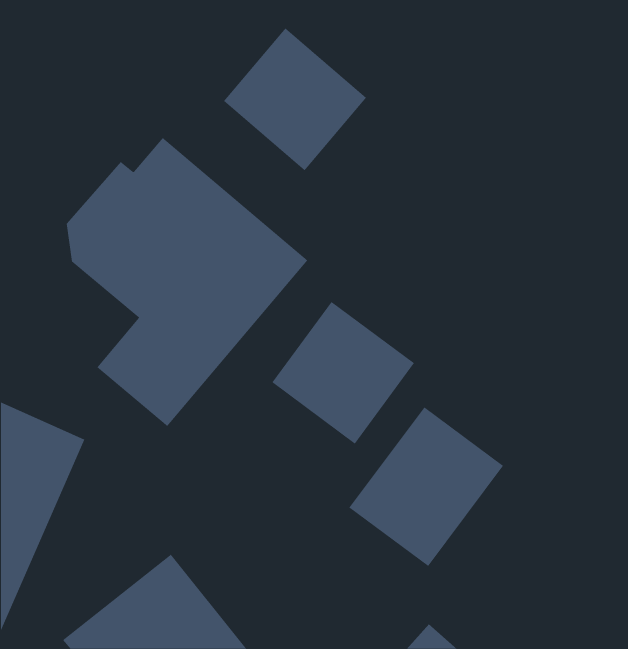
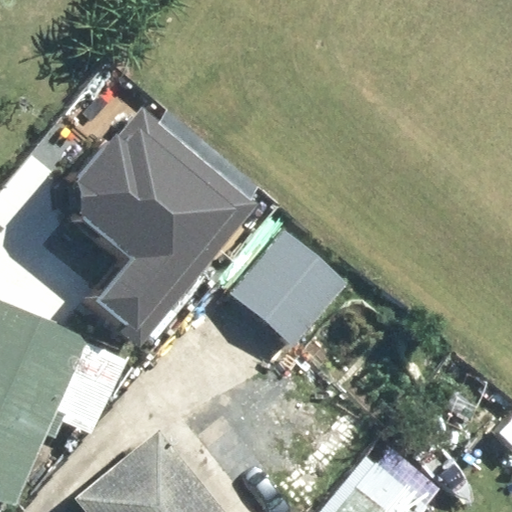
building: [223,28,367,171] -> none
building: [349,406,504,567] -> none

